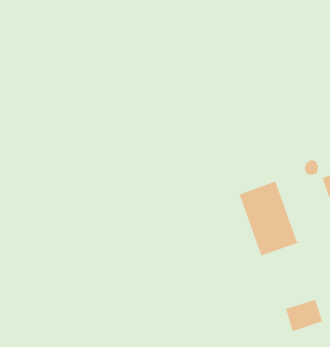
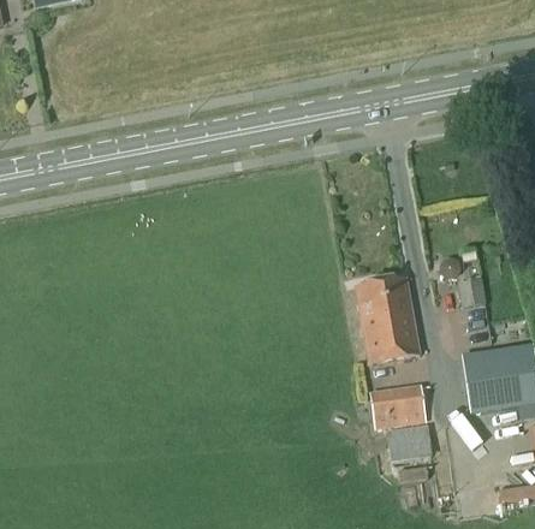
building: none -> [370,385,426,426]

